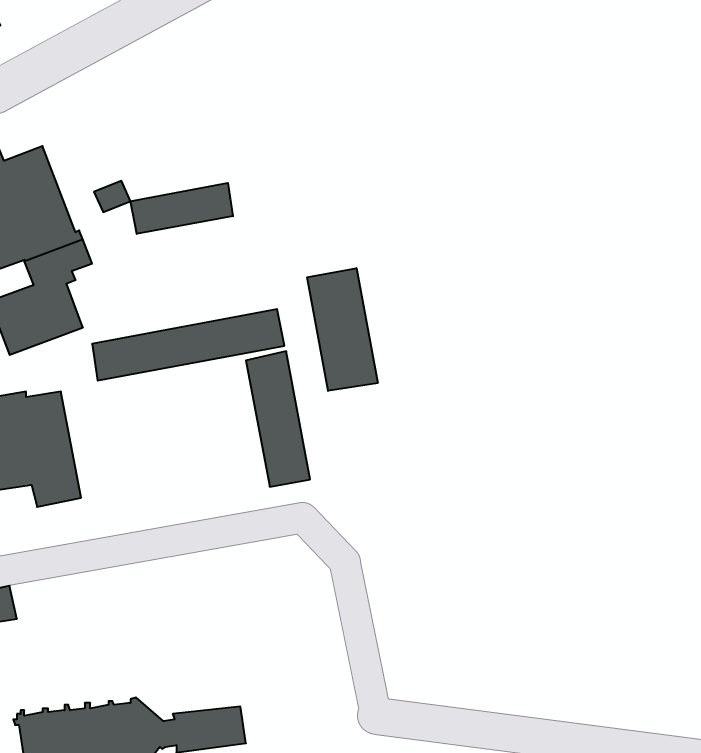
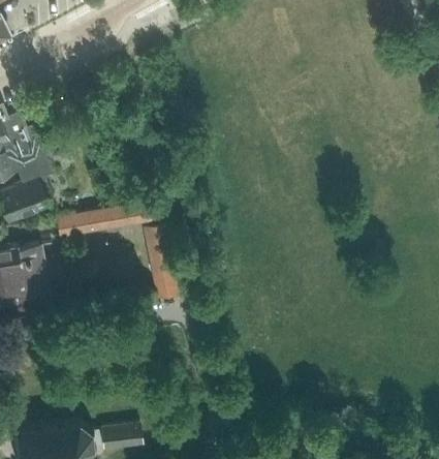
building: [131,183,233,234] -> none
building: [307,268,378,391] -> none

